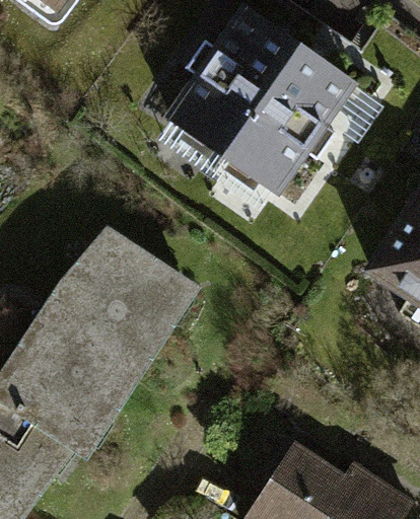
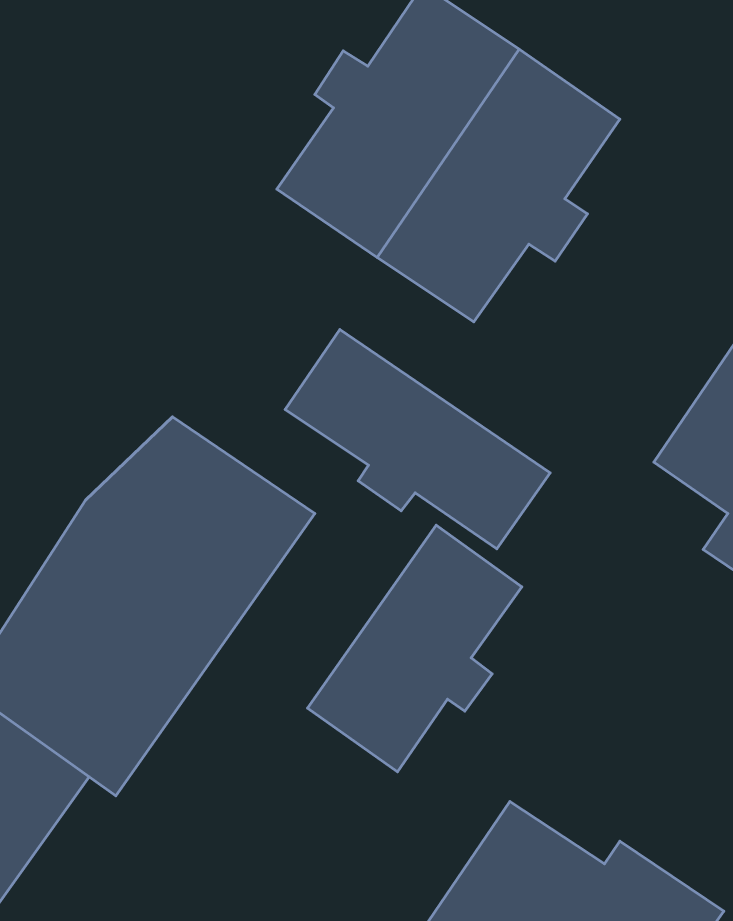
building: none -> [285,330,550,549]
building: none -> [307,525,522,772]

